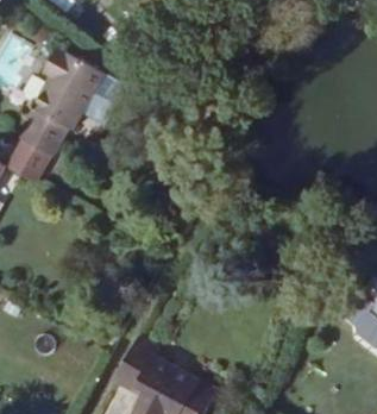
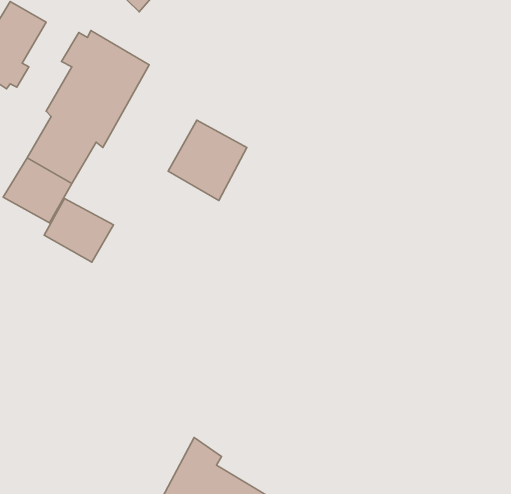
building: none -> [168,120,247,200]
building: none -> [44,198,114,262]

